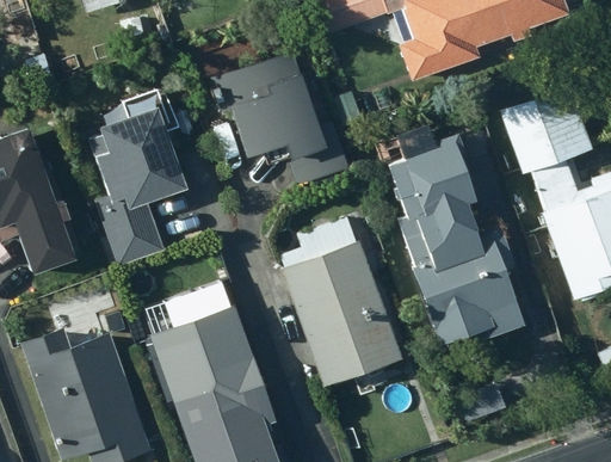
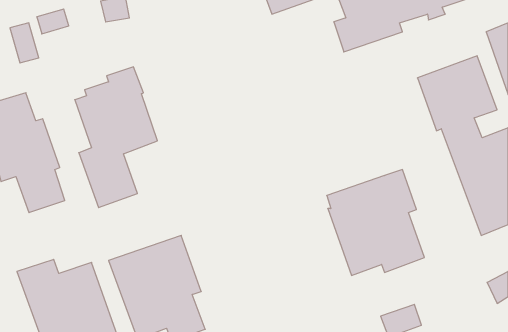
building: [212,51,350,184] -> none
building: [371,125,462,252] -> none
building: [282,214,405,386] -> none

